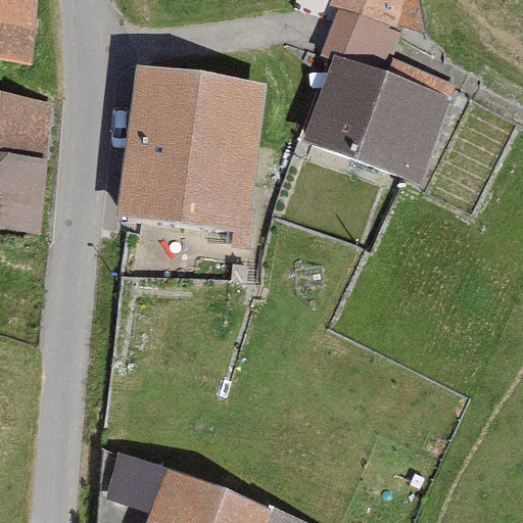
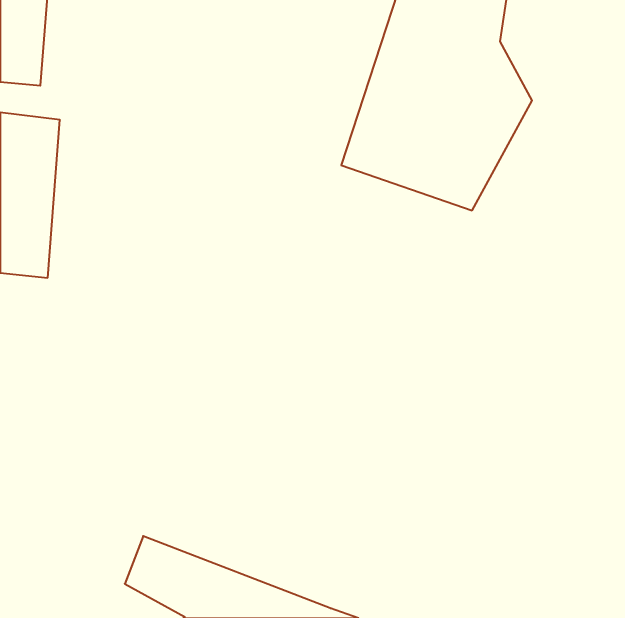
building: [123,75,264,239] -> none

